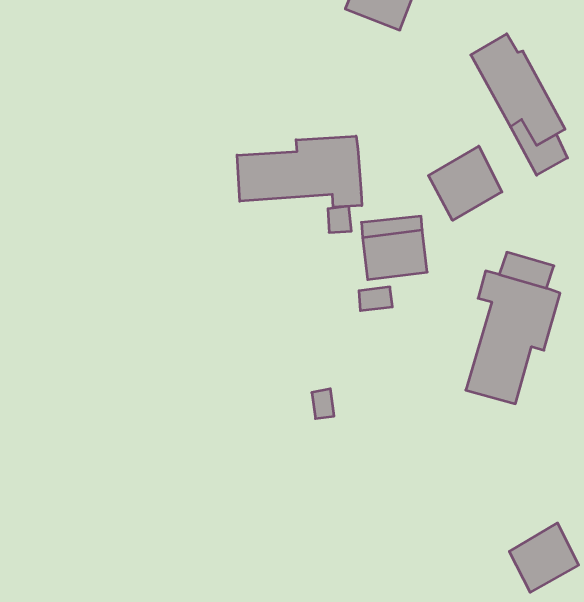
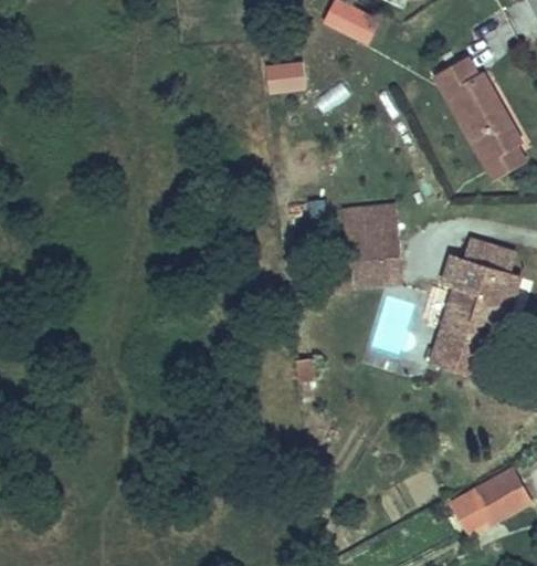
building: none -> [264,60,306,92]
building: [237,136,362,207] -> none
building: [428,146,502,220] -> none

